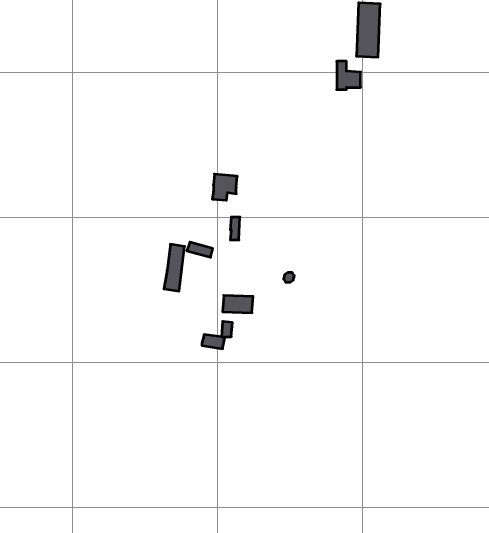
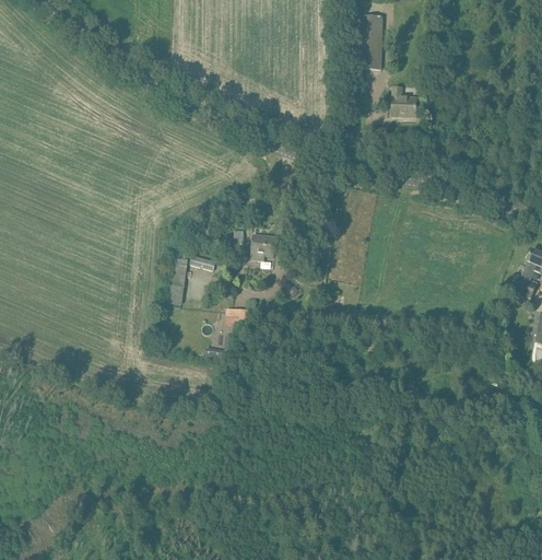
building: [337,61,361,90] -> [392,86,416,115]
building: [212,174,237,200] -> [250,233,275,259]

